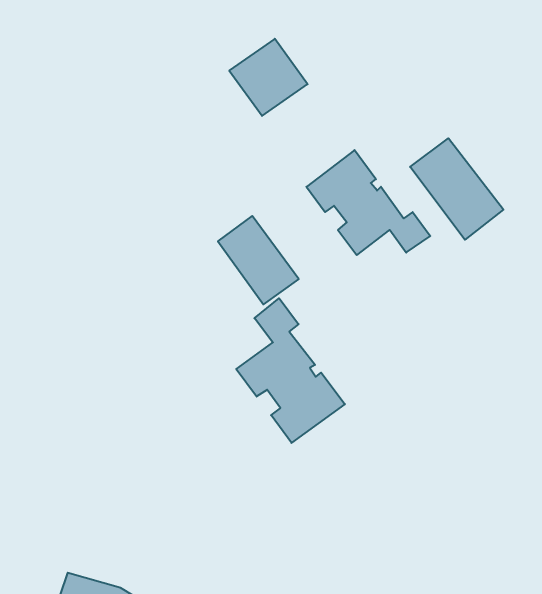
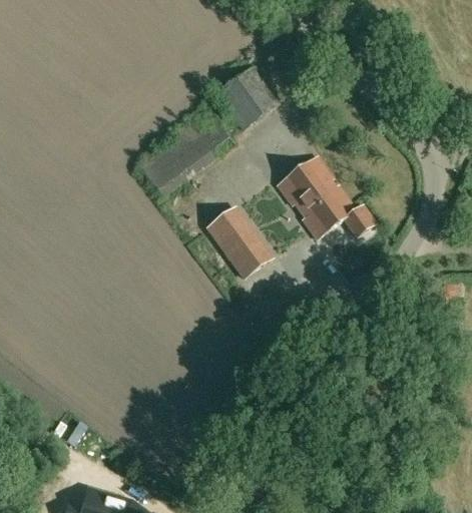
building: [410,138,503,240] -> none
building: [236,298,345,443] -> none

